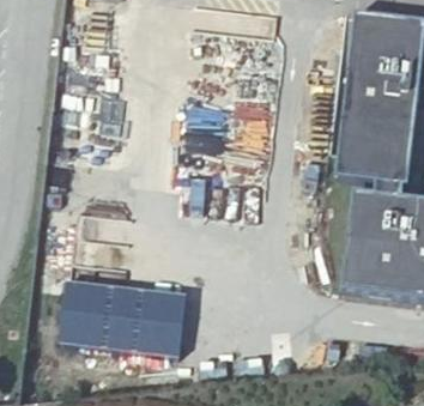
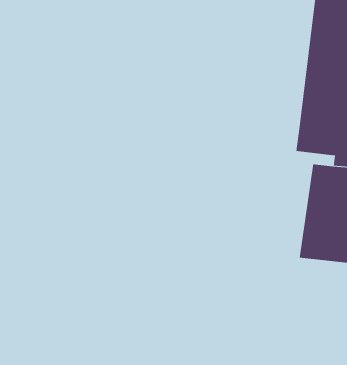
building: [60,277,187,351] -> none

